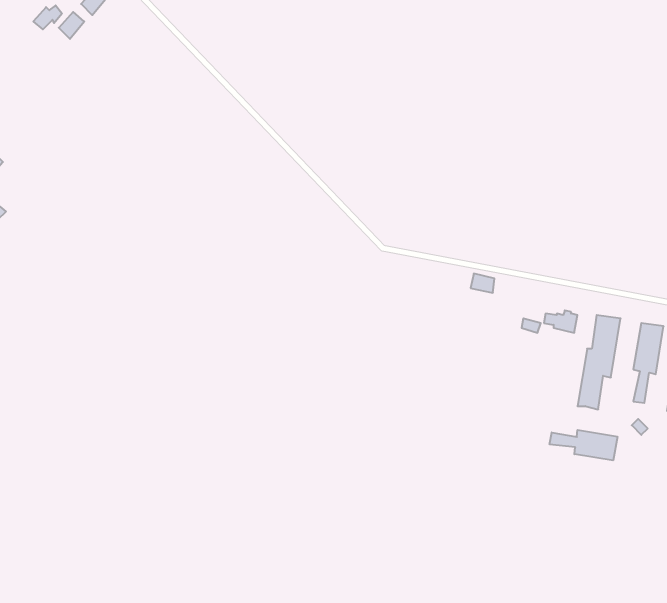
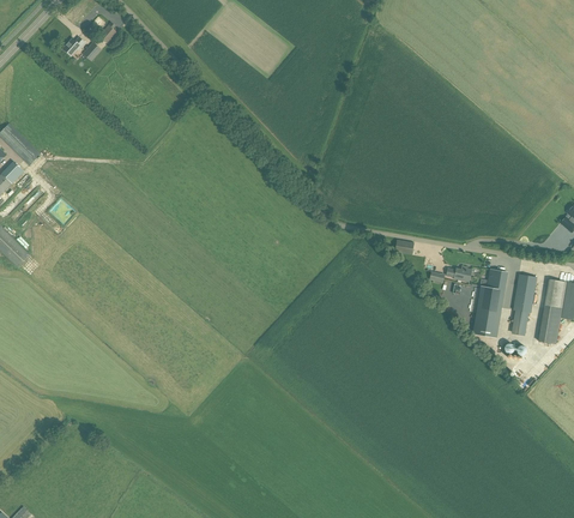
building: [550,430,617,460] -> none

